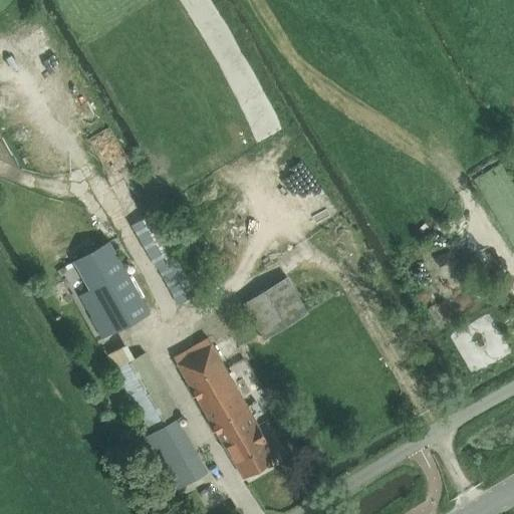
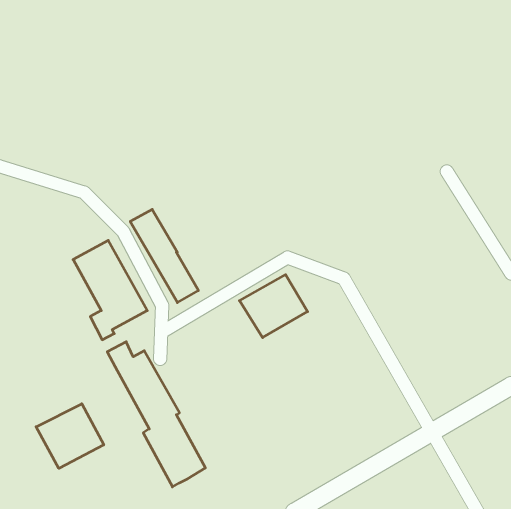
building: [173,340,276,480] -> none
building: none -> [36,404,104,468]

